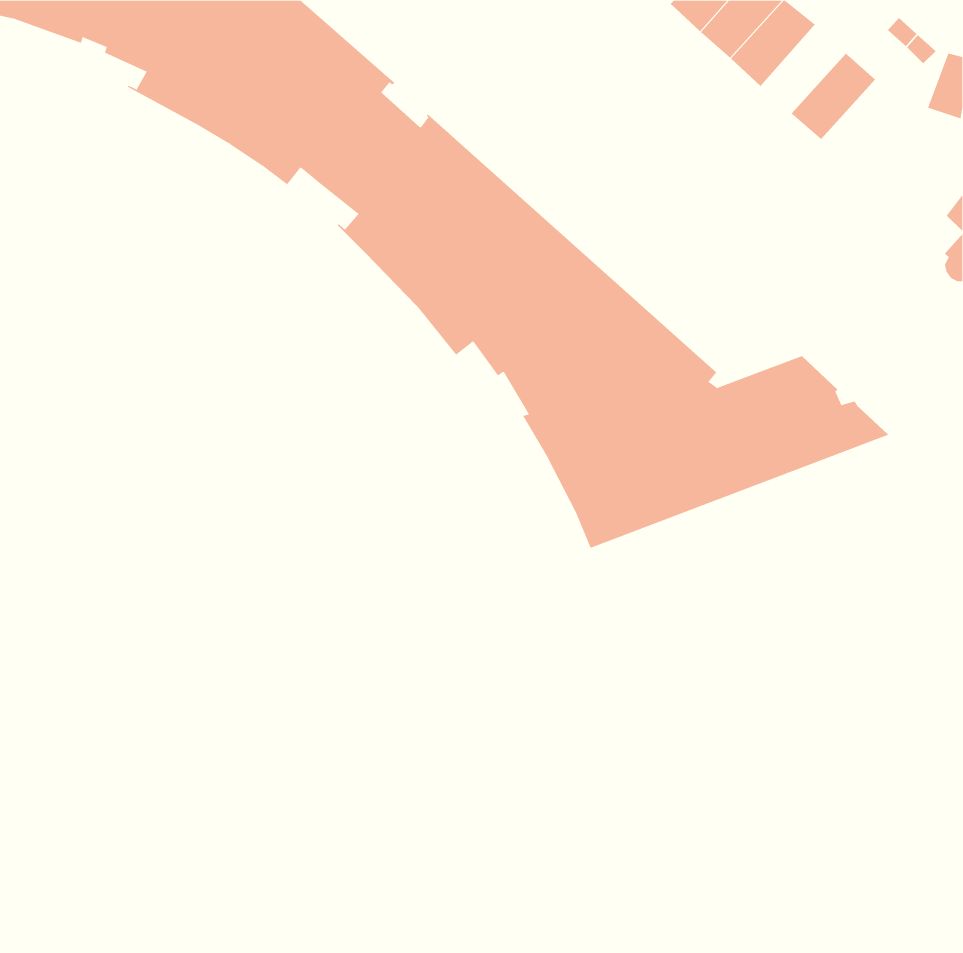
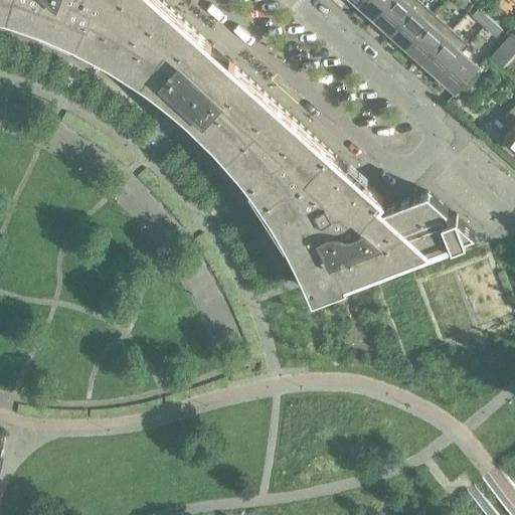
building: none -> [404,20,450,67]
building: none -> [437,49,476,97]

